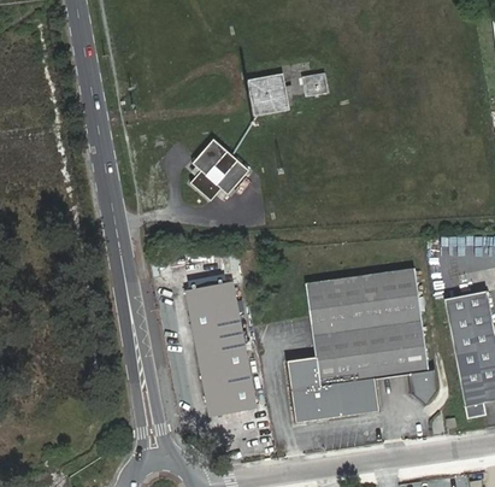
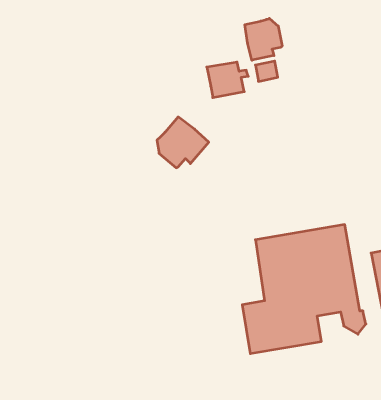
building: none -> [245,18,282,60]
building: [184,283,253,416] -> none

